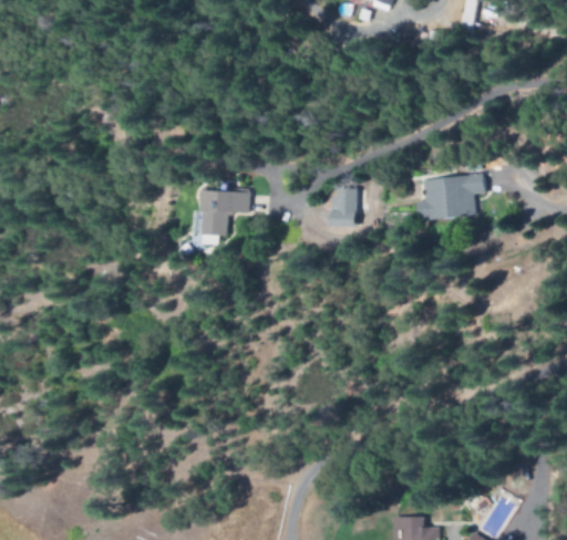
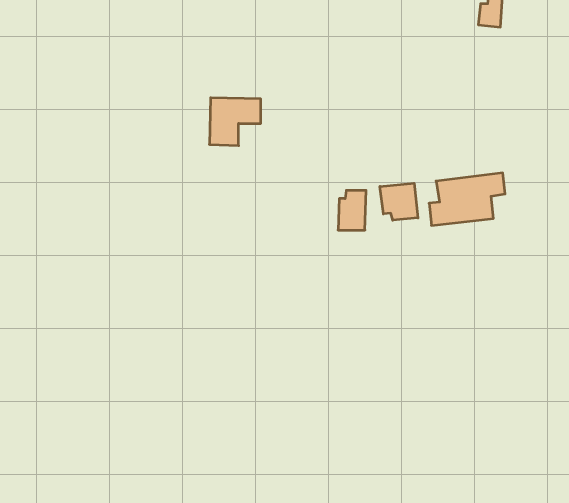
building: none -> [380,183,418,220]
building: [199,189,248,235] -> [209,98,261,146]

